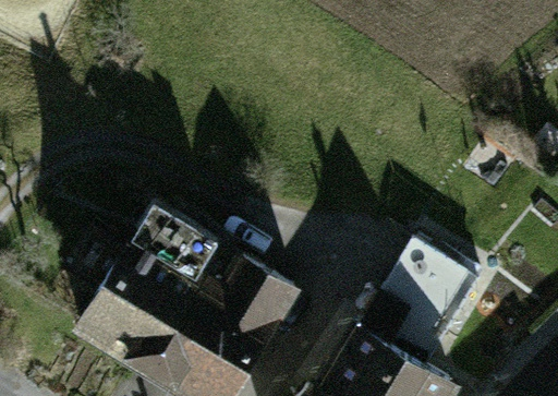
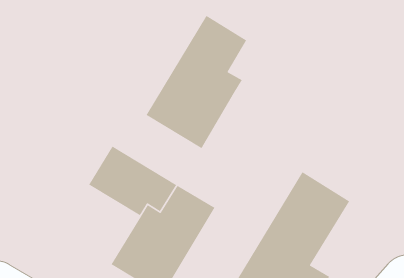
building: none -> [145,15,247,149]
building: [83,267,193,375] -> none

